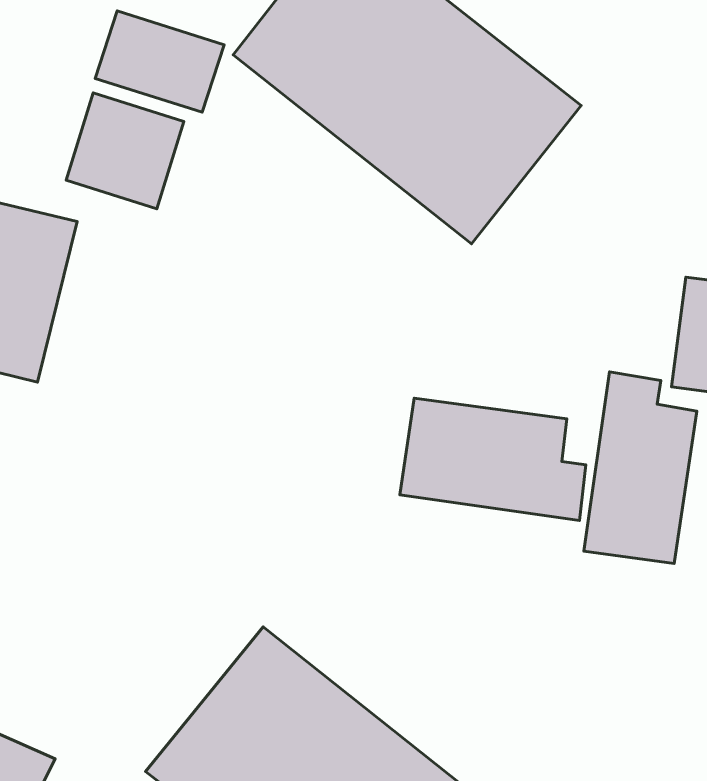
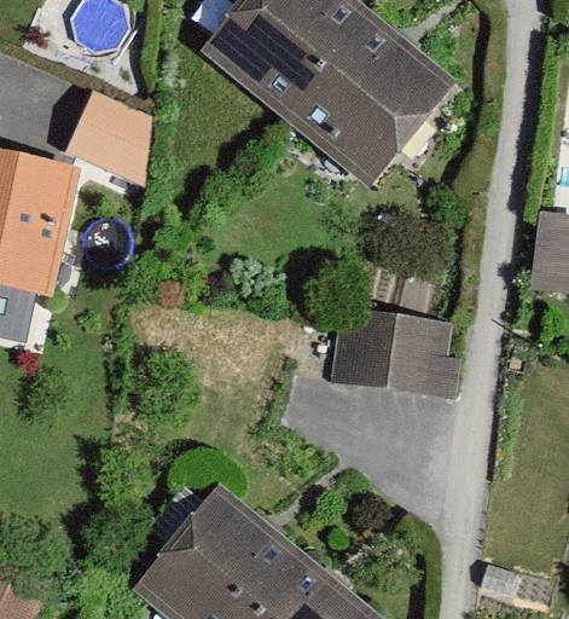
building: [95,11,224,112] -> none
building: [584,372,697,564] -> none

